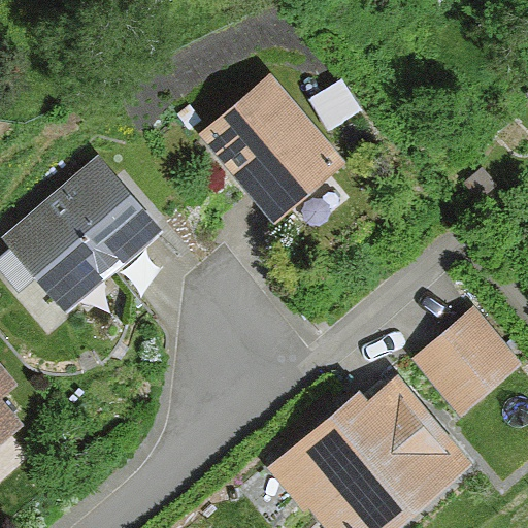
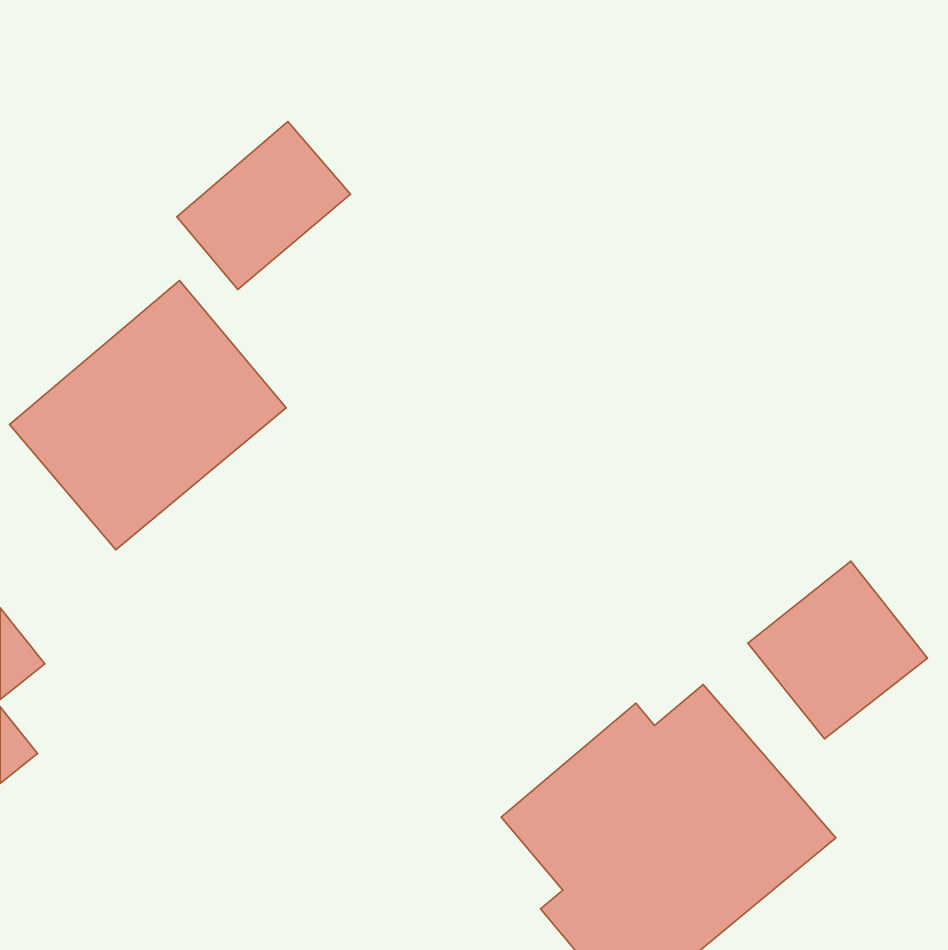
building: none -> [177,121,351,290]
building: [201,79,337,218] -> none

